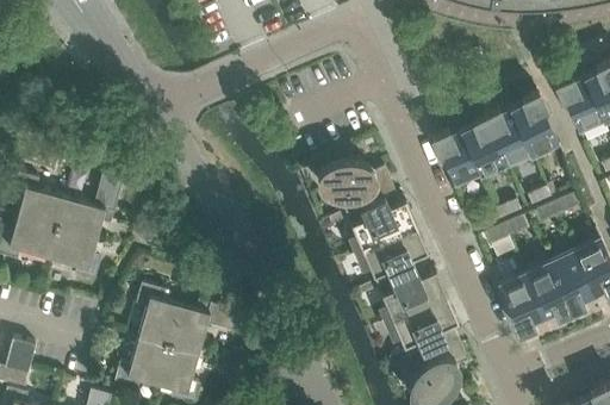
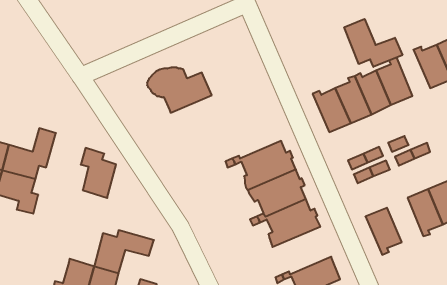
building: none -> [344,19,402,67]
building: [317,163,396,218] -> [147,68,212,113]
building: [524,266,568,319] -> none
building: [136,288,179,349] -> [81,148,116,198]
building: [385,300,456,359] -> none

